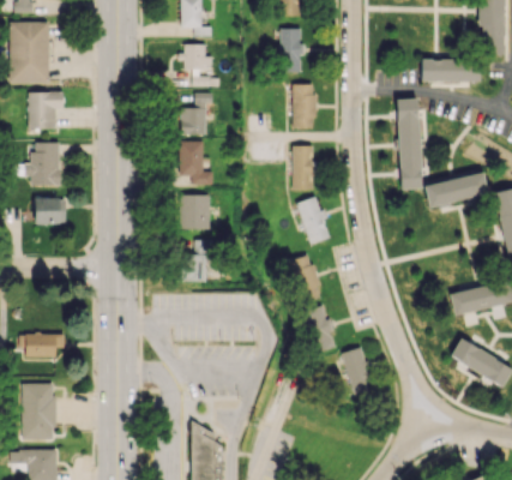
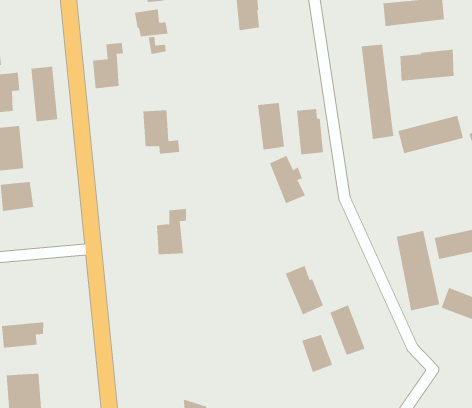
building: [293,84,315,127] -> [296,108,324,155]
building: none -> [31,66,58,122]
building: [181,92,212,134] -> [92,43,124,89]
building: none -> [400,49,454,82]
building: [180,194,210,229] -> none
building: [290,256,320,301] -> none
building: none -> [396,230,440,311]
building: none -> [301,334,333,373]

